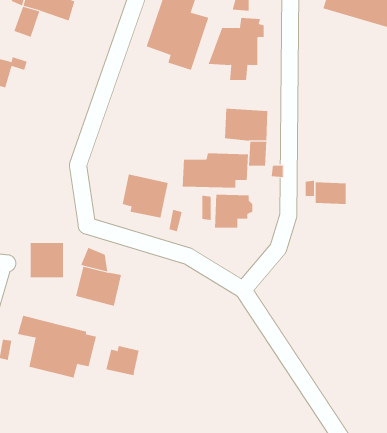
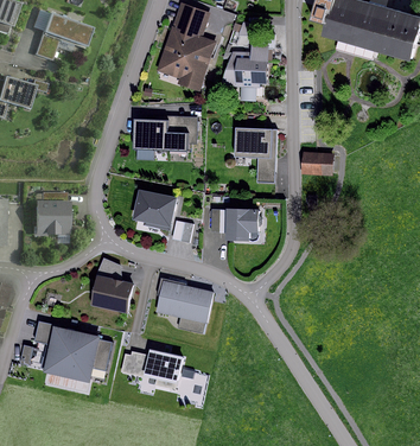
building: [182,153,249,188] -> [136,115,199,148]
building: [315,182,347,205] -> [305,153,335,174]
building: [30,242,64,278] -> [37,202,69,235]
building: none -> [157,281,215,333]
building: none -> [148,351,186,384]

